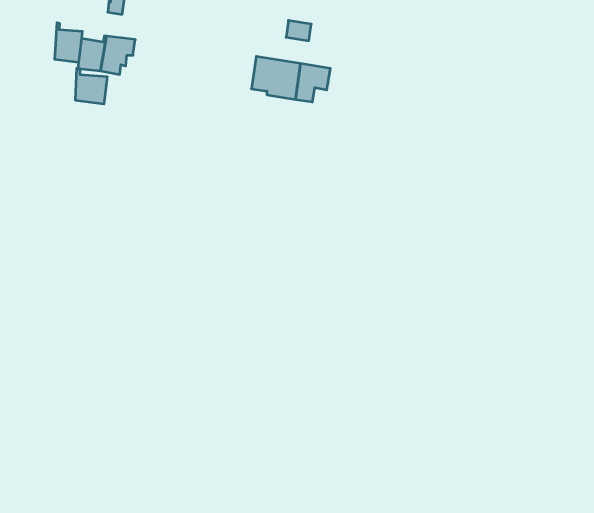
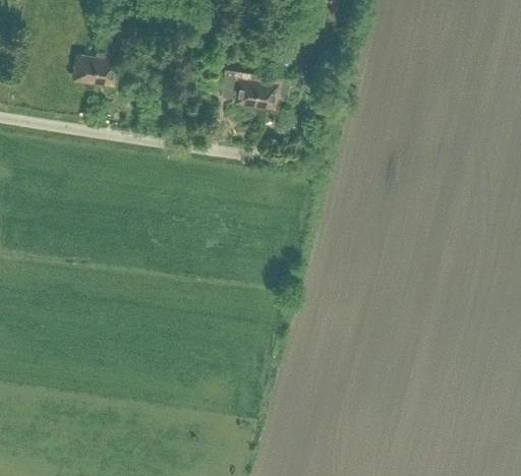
building: [55,23,82,62] -> none
building: [76,68,107,104] -> none

